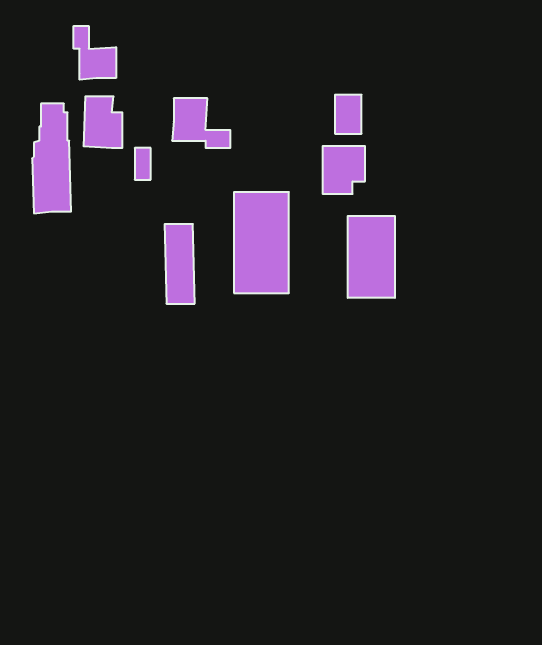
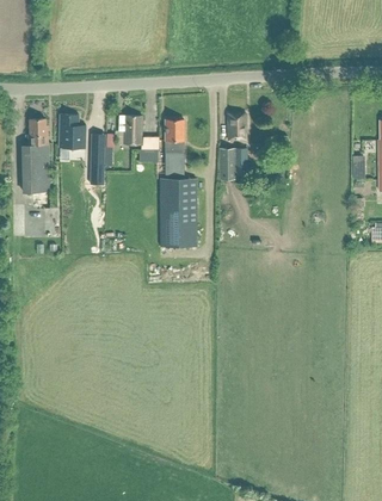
building: [74,26,116,80] -> none
building: [348,216,395,298] -> none
building: [165,224,195,304] -> [165,119,185,173]

